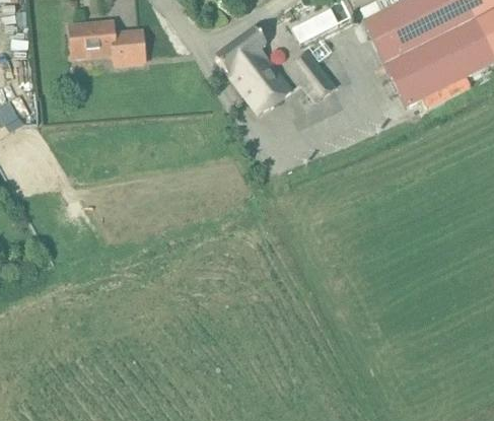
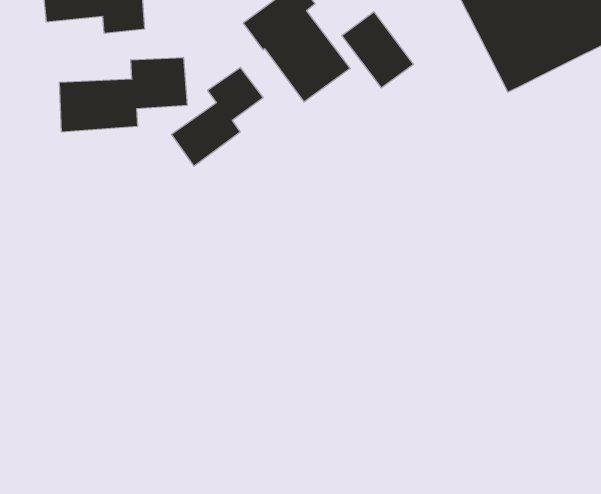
building: none -> [59,57,187,132]
building: none -> [171,67,263,166]

